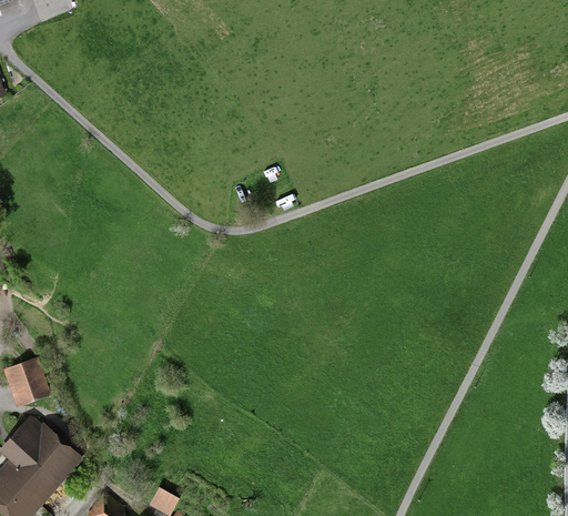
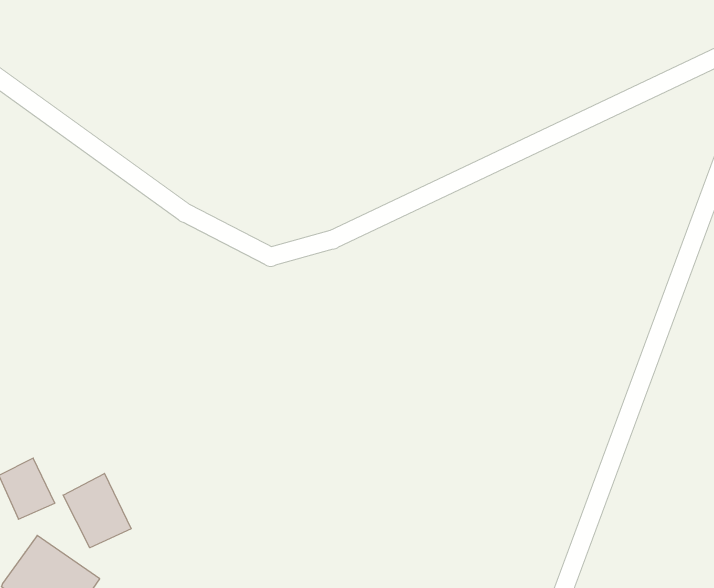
building: none -> [63,473,131,548]

